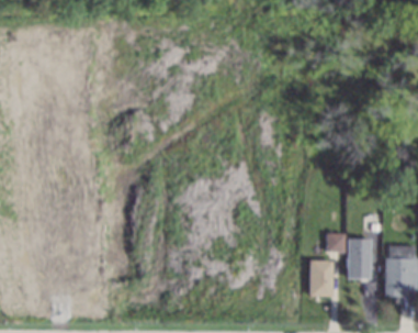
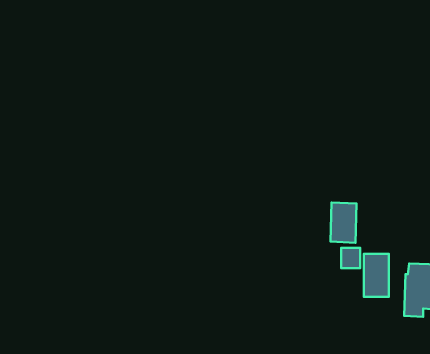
building: [308,257,332,295] -> [330,202,357,243]

